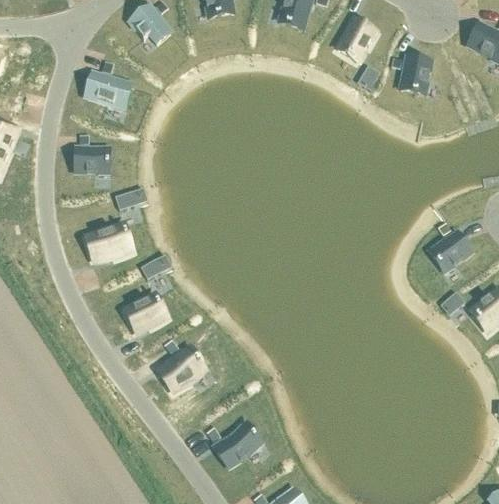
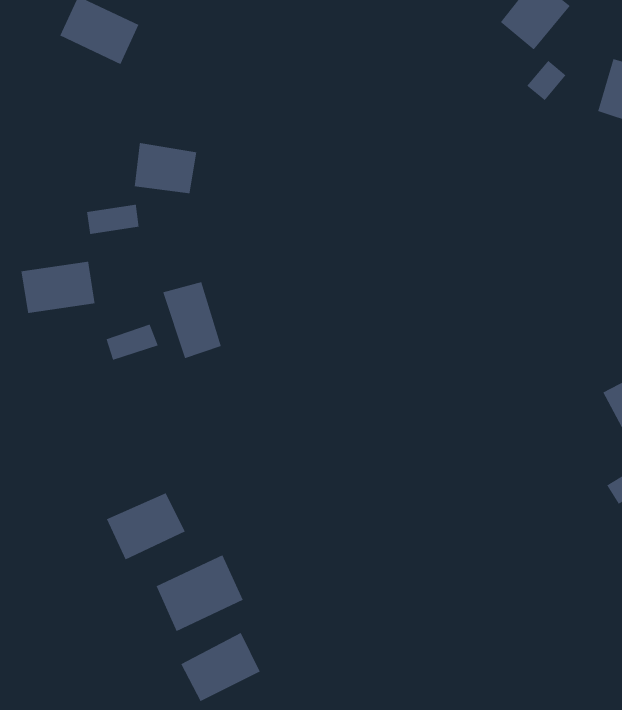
building: [76,149,110,175] -> [134,142,197,194]
building: none -> [162,281,222,359]
building: [125,292,167,331] -> none
building: none -> [155,554,244,632]

